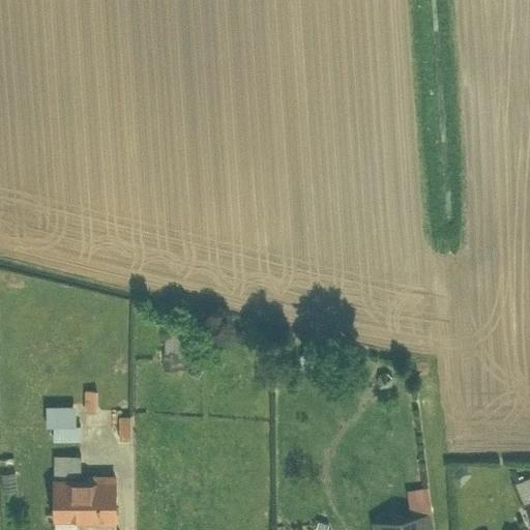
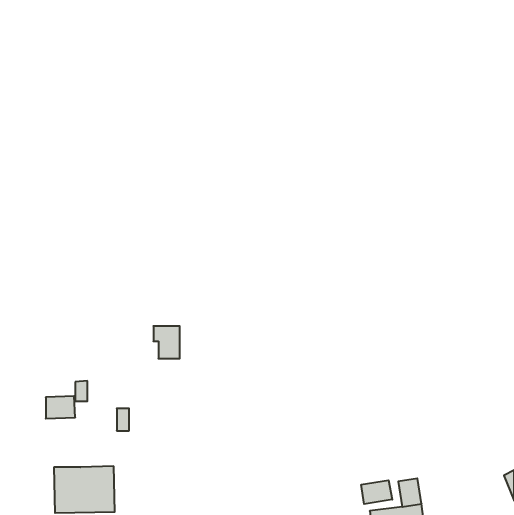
building: [55,458,82,480] -> none
building: none -> [361,480,392,504]

